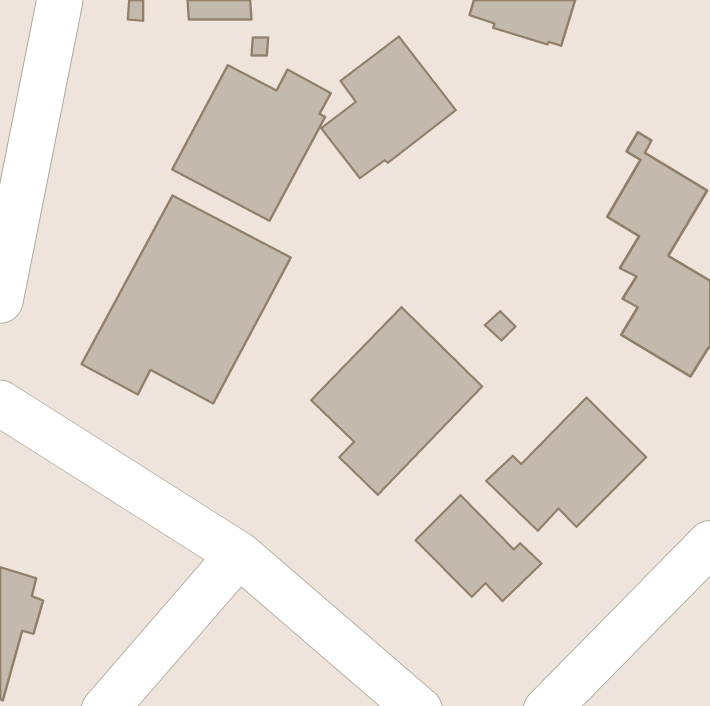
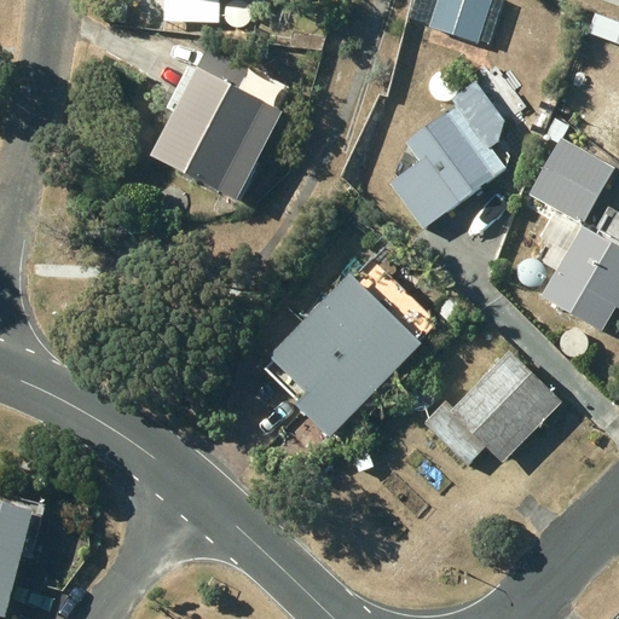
building: [321,36,456,178] -> [389,104,507,227]
building: [82,195,291,403] -> none
building: [415,495,542,601] -> none

